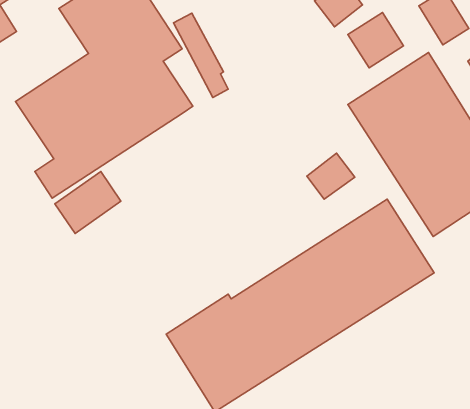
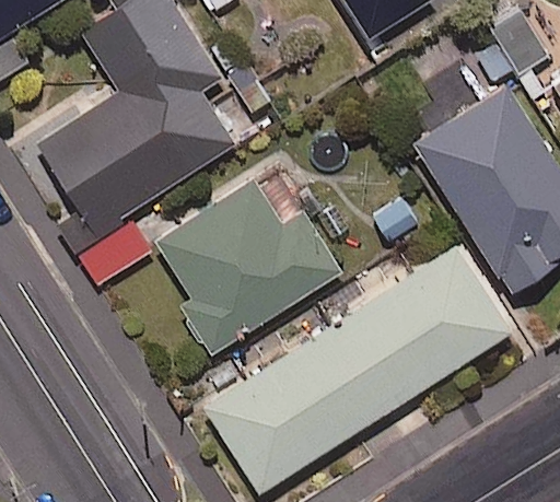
building: none -> [156,168,341,354]

